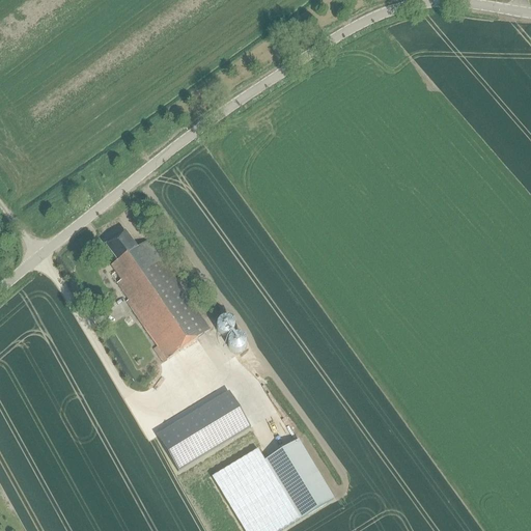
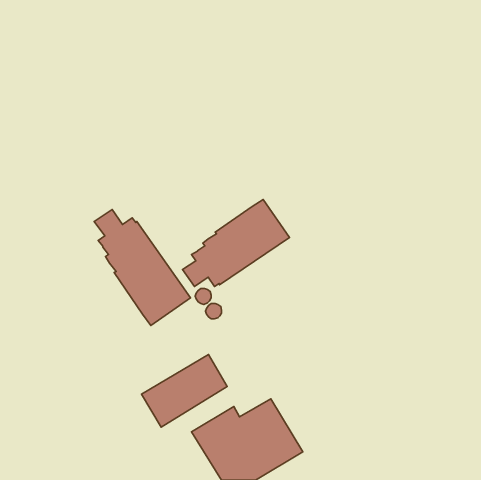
building: none -> [183,200,289,287]

